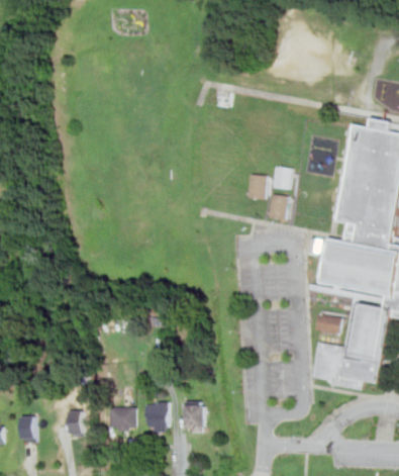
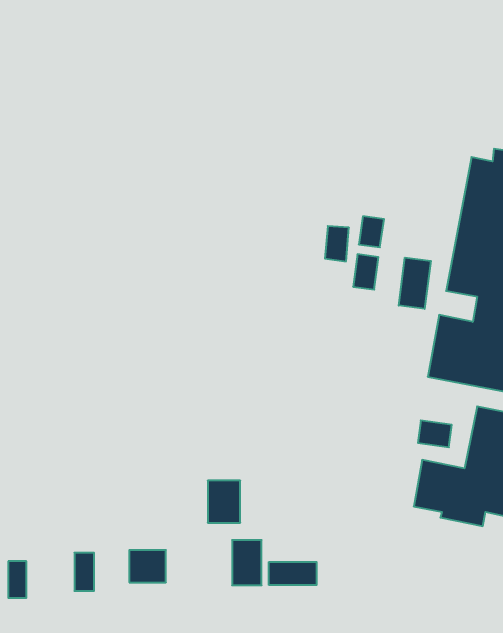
building: none -> [399,258,431,309]
building: [143,401,167,432] -> [208,481,240,523]
building: none -> [269,562,317,585]

